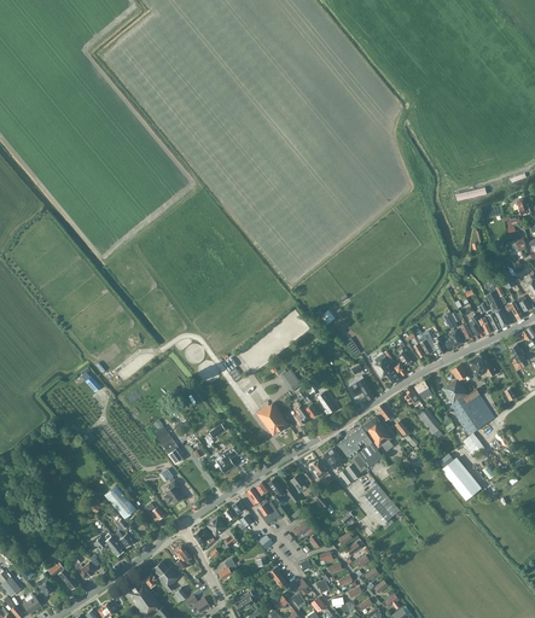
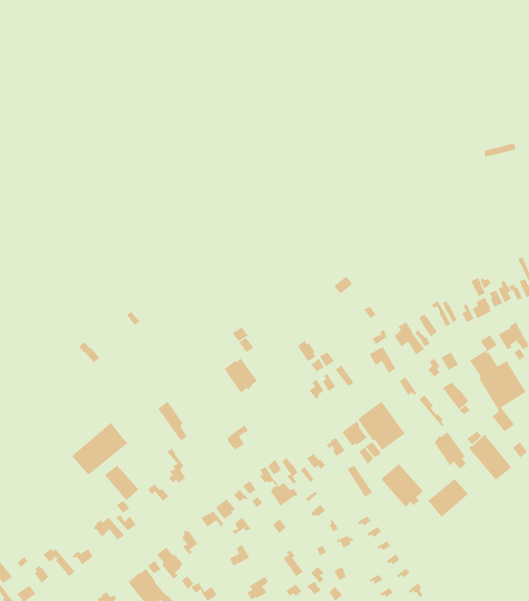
building: [257,402,289,436] -> [224,357,258,394]
building: [364,416,394,450] -> [434,433,467,469]
building: none -> [71,422,128,475]
building: none -> [427,478,469,518]

